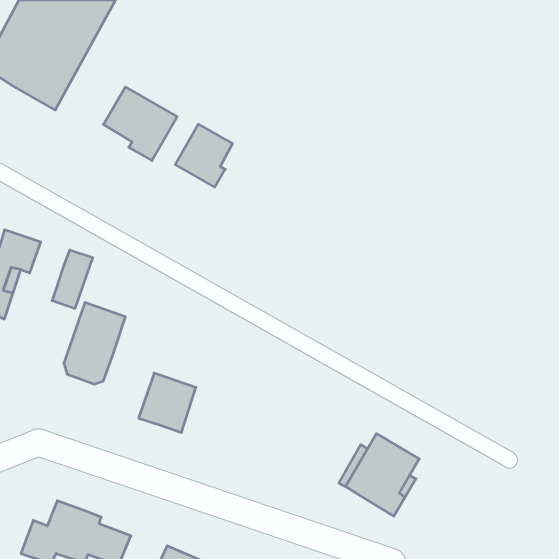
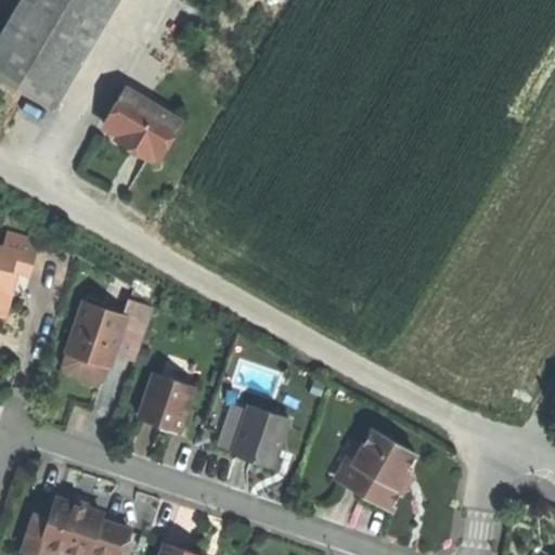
building: [175,124,232,187] -> none
building: [52,250,93,308] -> [112,301,152,359]
building: none -> [231,403,287,466]

